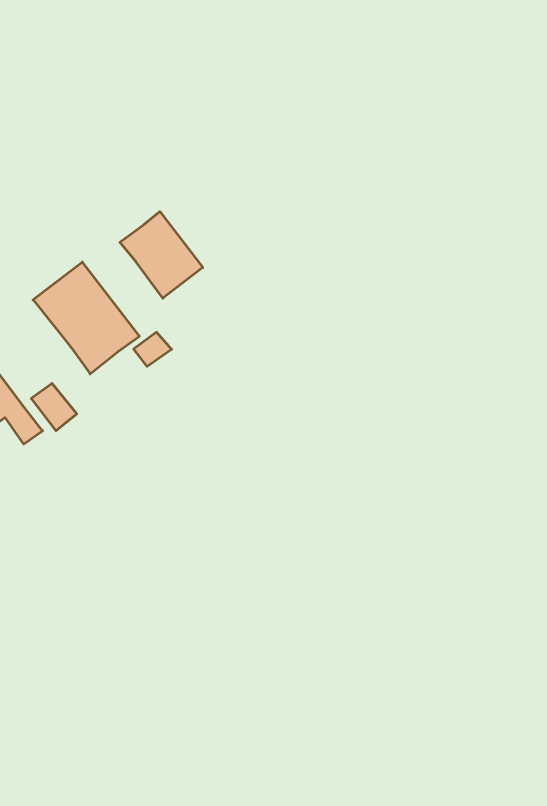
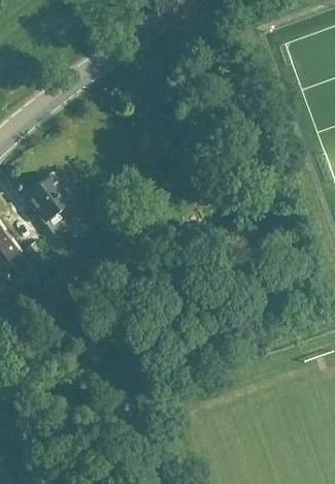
building: [120,212,203,298] -> none

